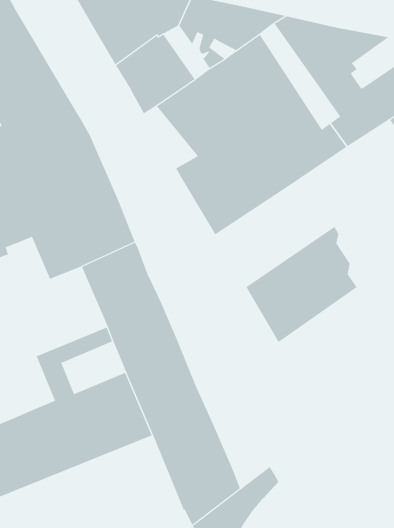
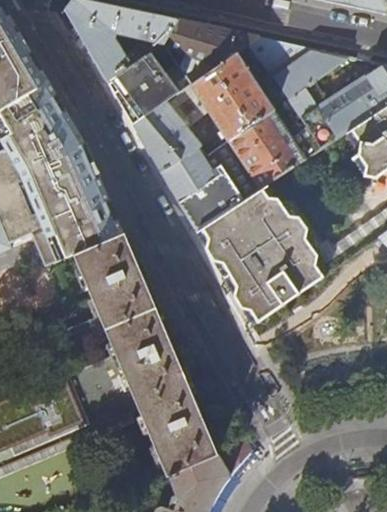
building: none -> [131,117,178,172]
building: none -> [194,188,300,277]

